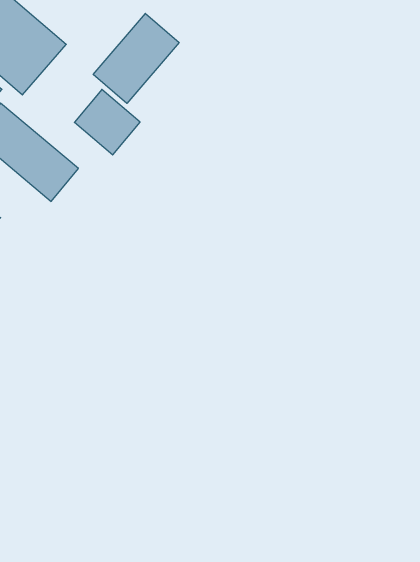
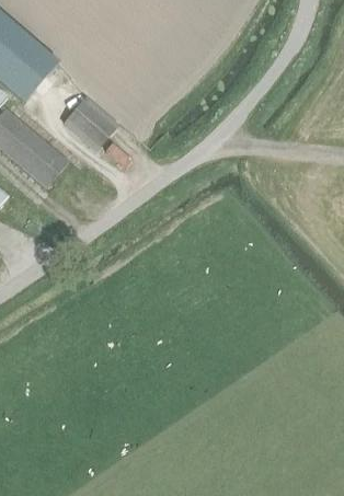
building: [93,13,179,103] -> none

